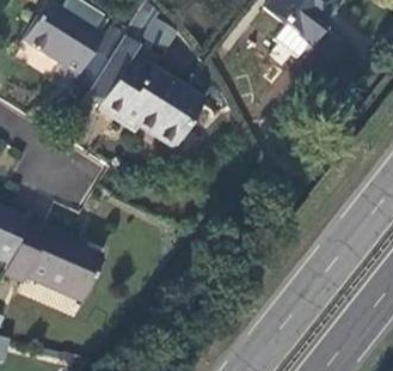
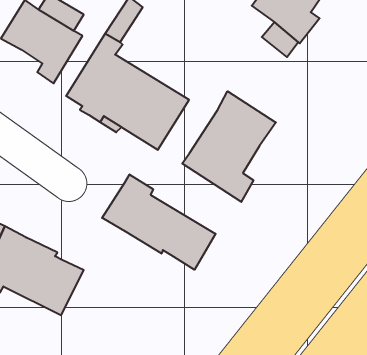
building: none -> [182,91,276,202]
building: none -> [102,174,216,270]

